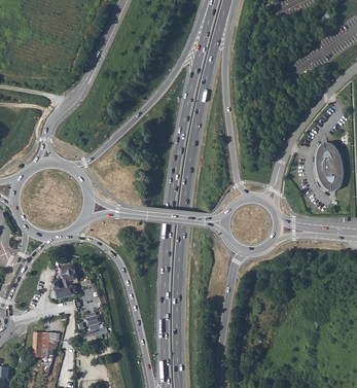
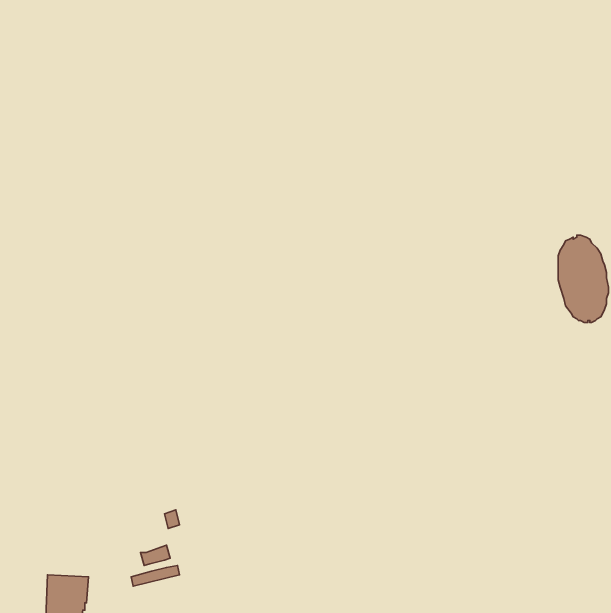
building: [49,273,77,298] -> none

